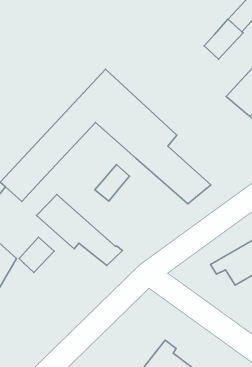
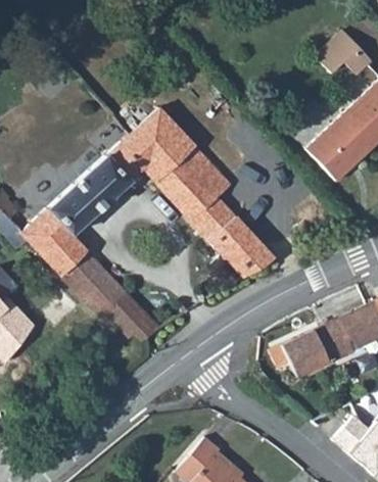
building: [204,19,243,59] -> none
building: [95,165,130,201] -> none
building: [19,237,54,272] -> [46,233,89,275]

